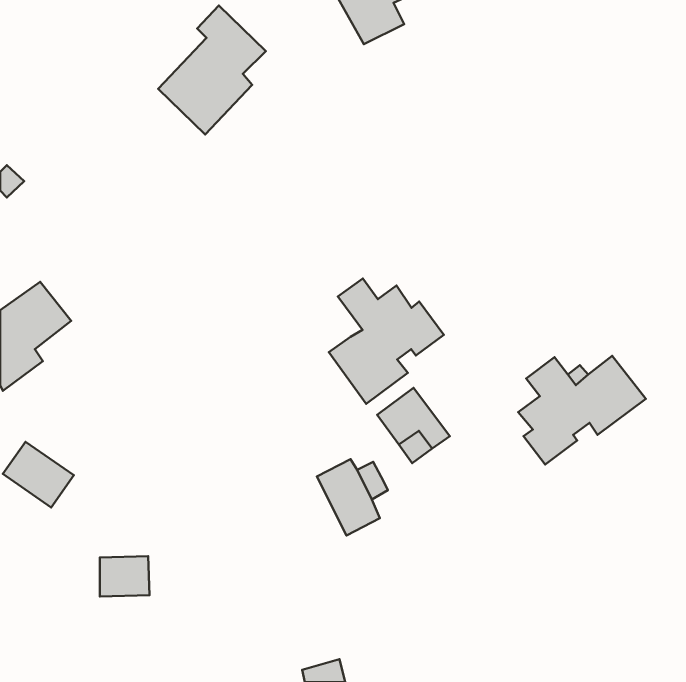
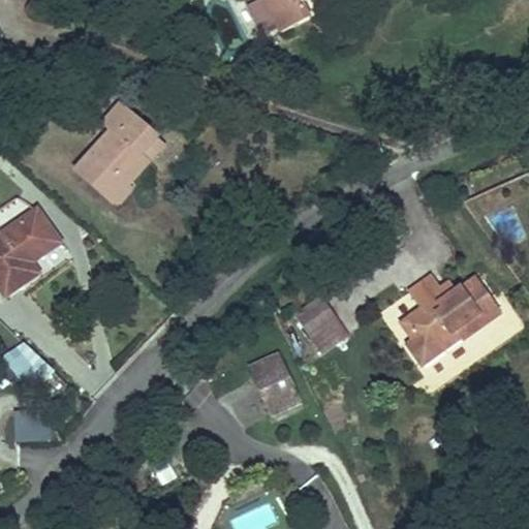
building: [158,6,266,134] -> [77,99,160,198]
building: [329,278,444,404] -> none
building: [100,556,150,596] -> [14,412,53,443]

